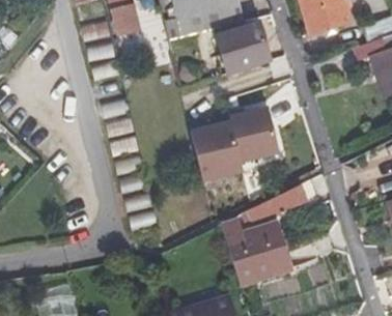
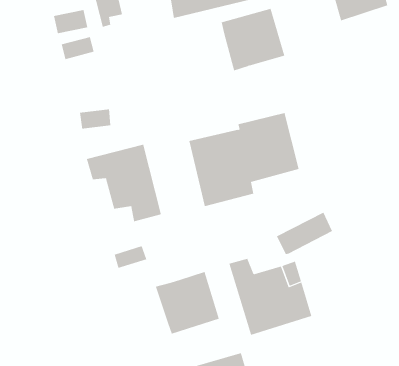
building: none -> [86,144,161,222]
building: none -> [155,271,219,334]

